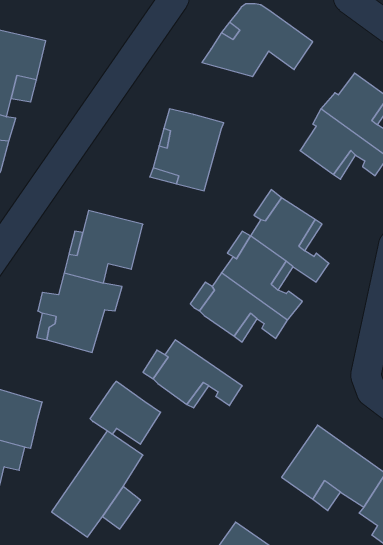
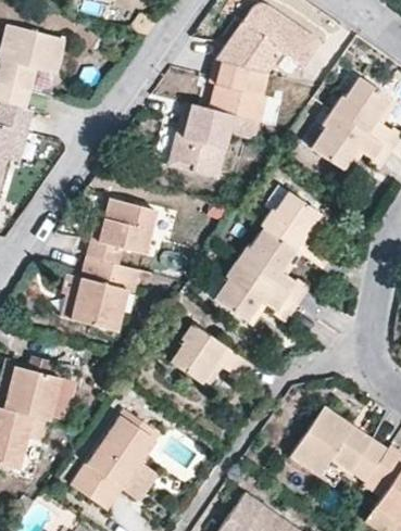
building: none -> [206,62,265,125]
building: [90,381,161,444] -> none

